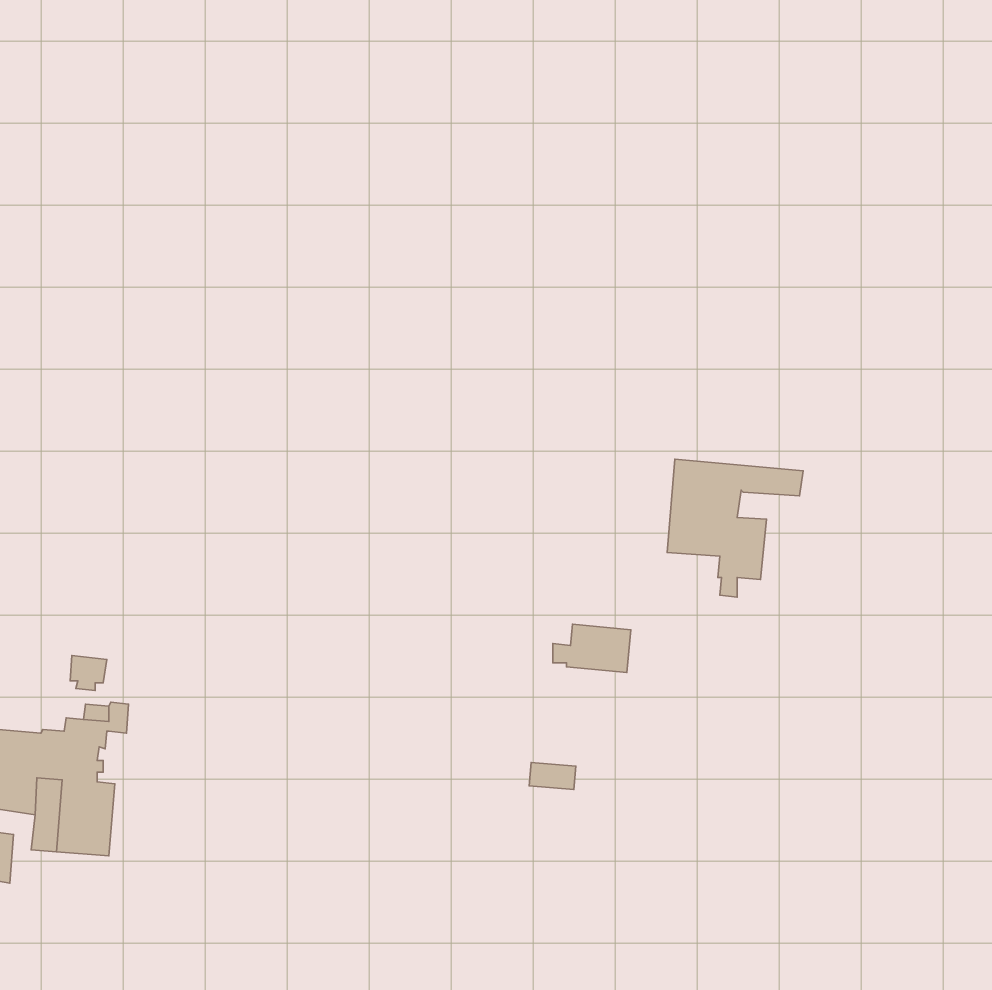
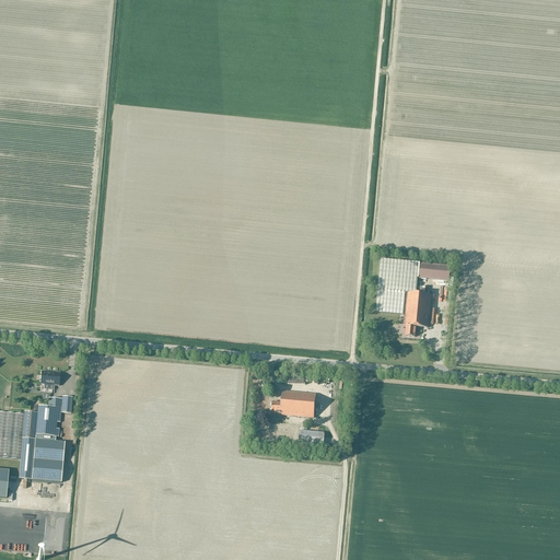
building: [553,624,631,673] -> [271,389,315,417]

